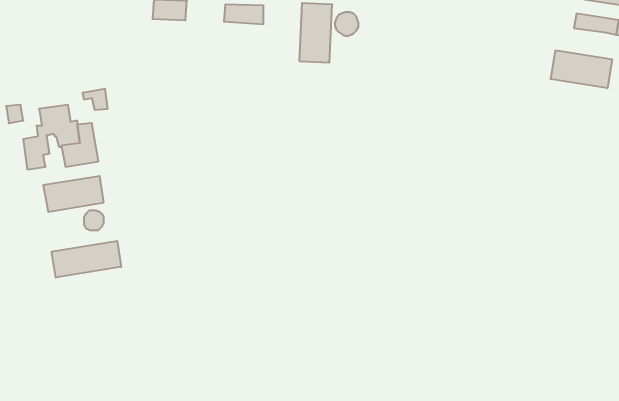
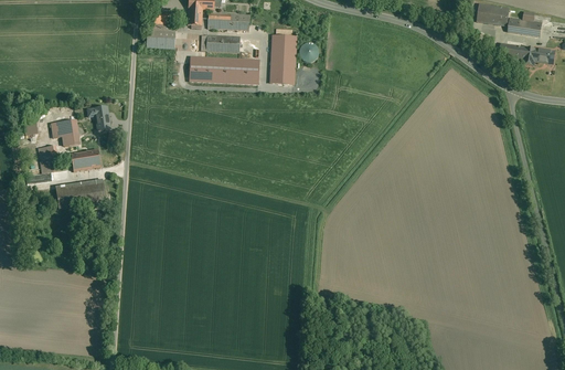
building: none -> [189,55,259,85]
building: [551,50,612,88] -> none
building: [52,241,121,278] -> none

